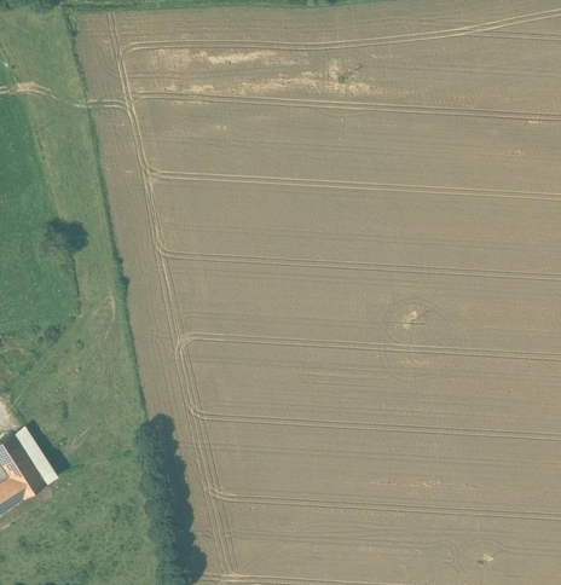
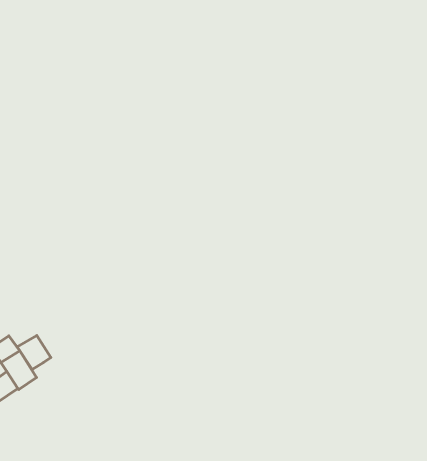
building: none -> [17,336,51,369]

